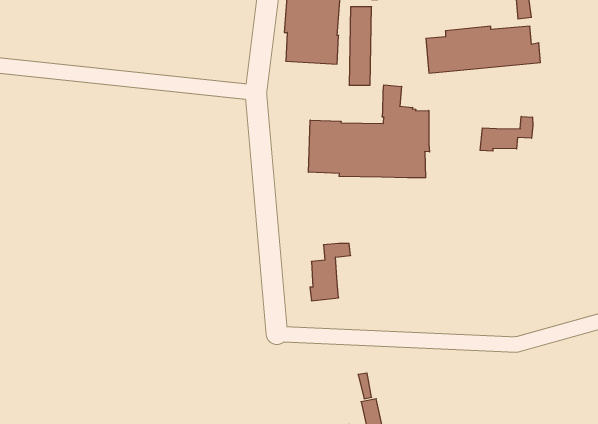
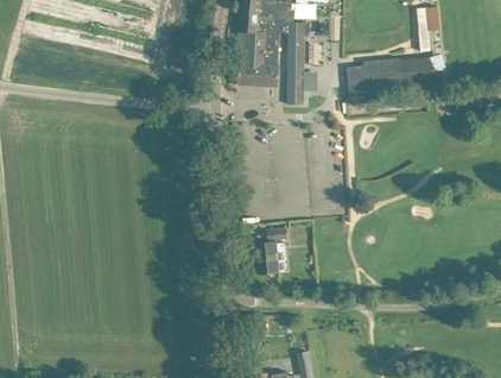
building: [308,85,430,178] -> none
building: [480,116,533,151] -> none

